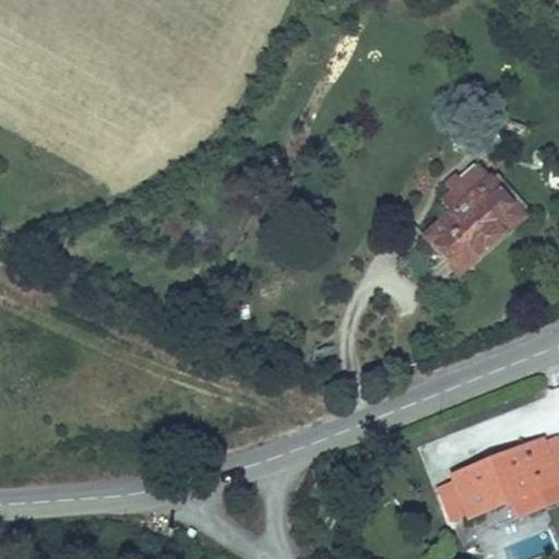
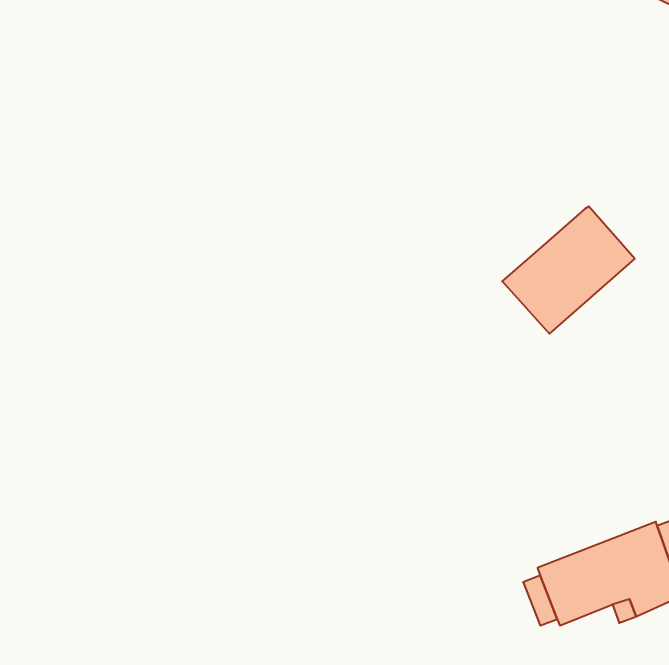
building: [437,160,488,204] -> none

